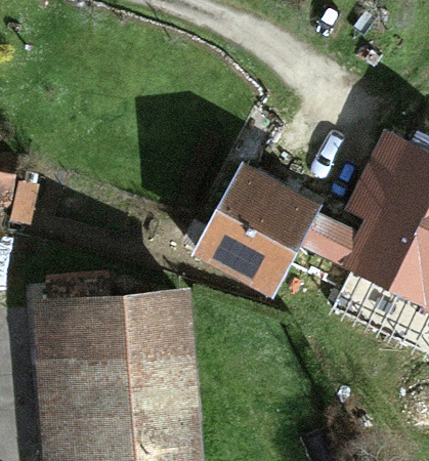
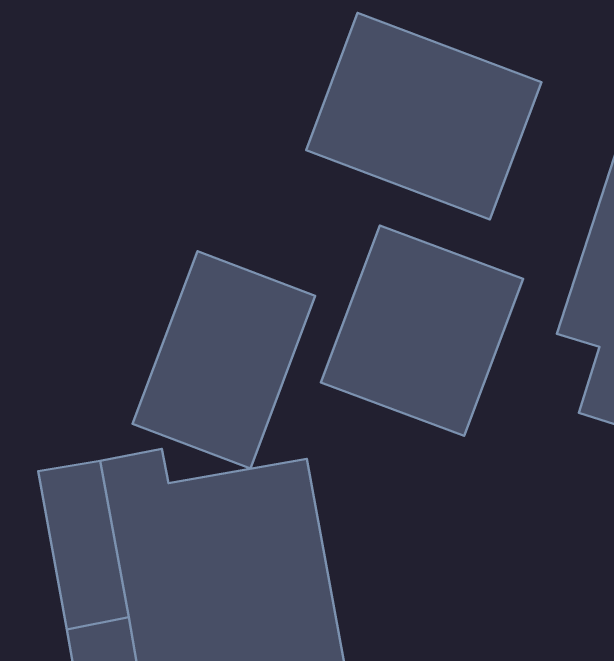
building: none -> [306,13,541,220]
building: none -> [133,251,315,469]

